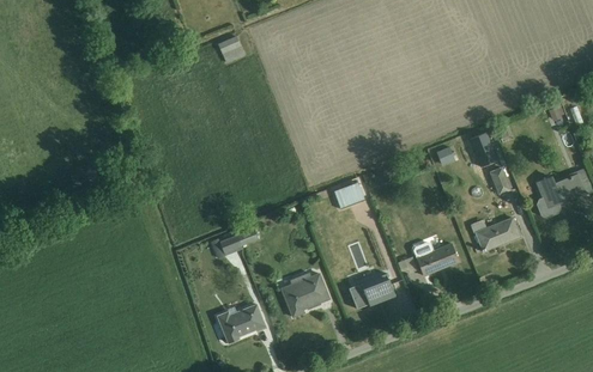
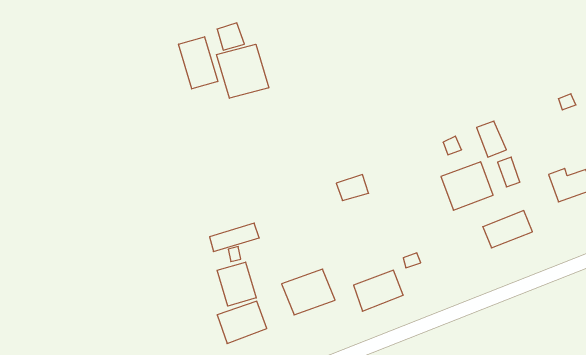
building: none -> [179,37,218,89]
building: none -> [217,44,269,98]
building: [411,230,461,276] -> [441,162,493,210]
building: none -> [217,262,256,306]

